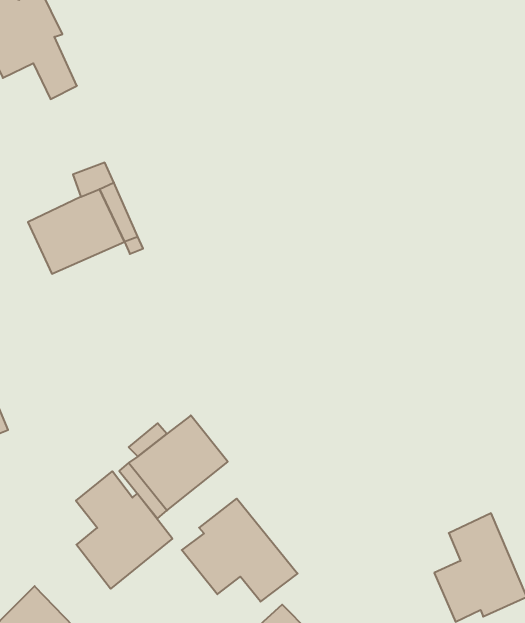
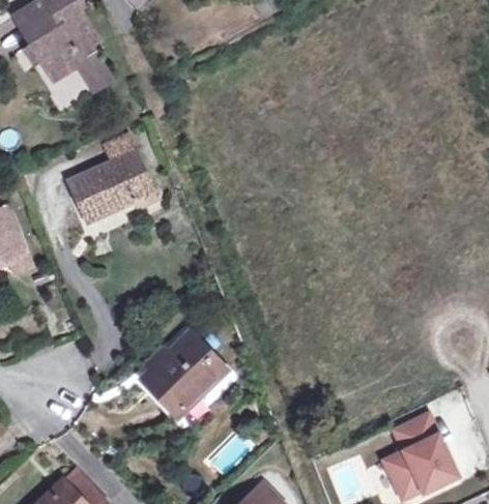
building: [76,471,172,589] -> none
building: [182,499,298,602] -> none

